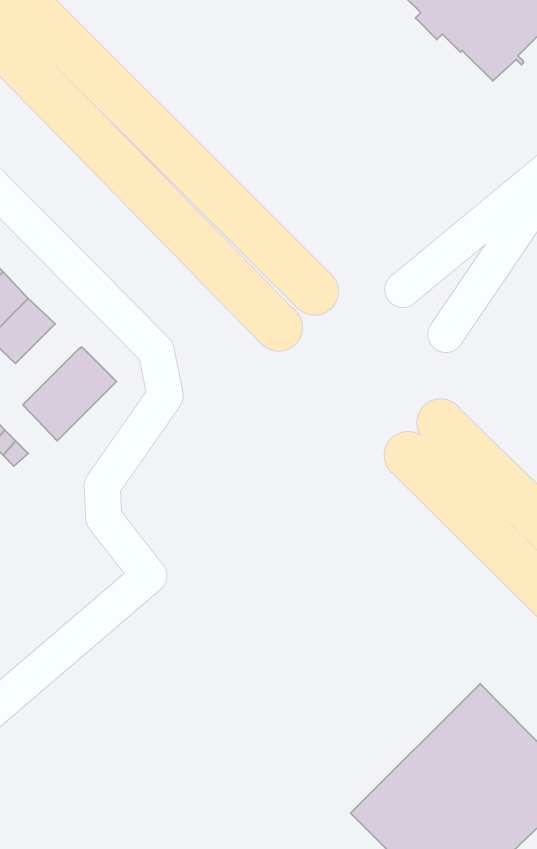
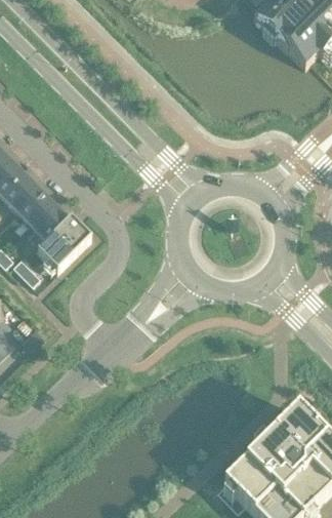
building: none -> [31,203,67,240]

